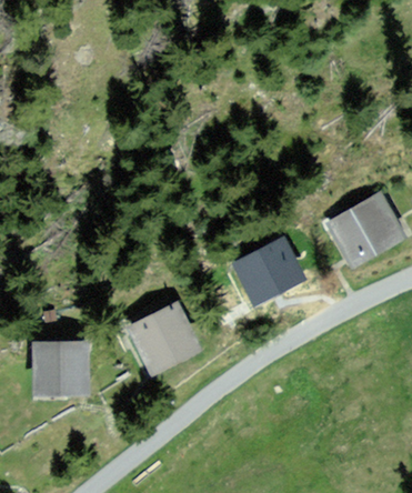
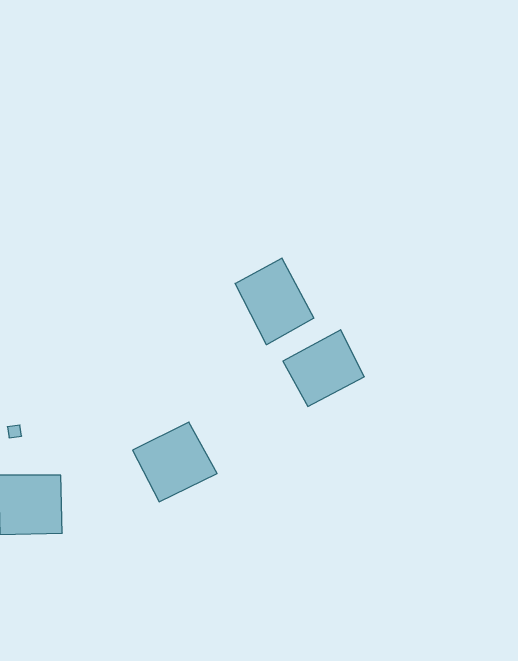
building: none -> [235,258,314,345]
building: [333,197,401,259] -> none

